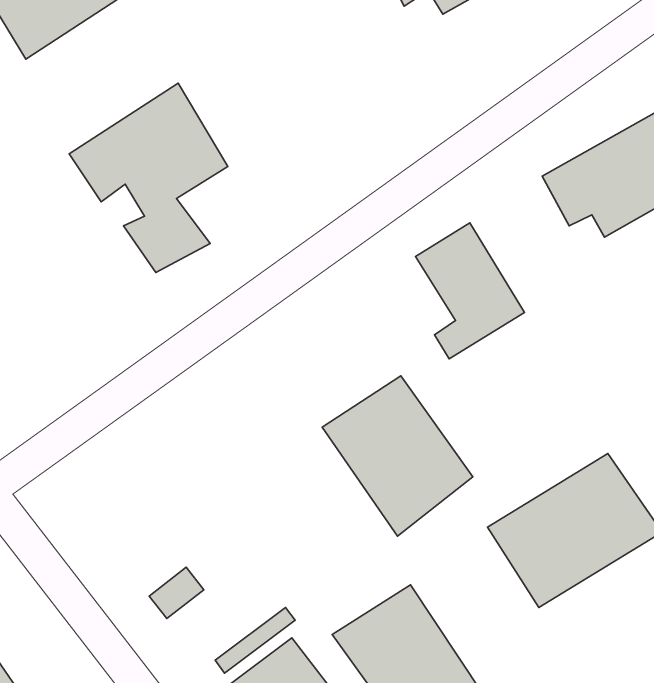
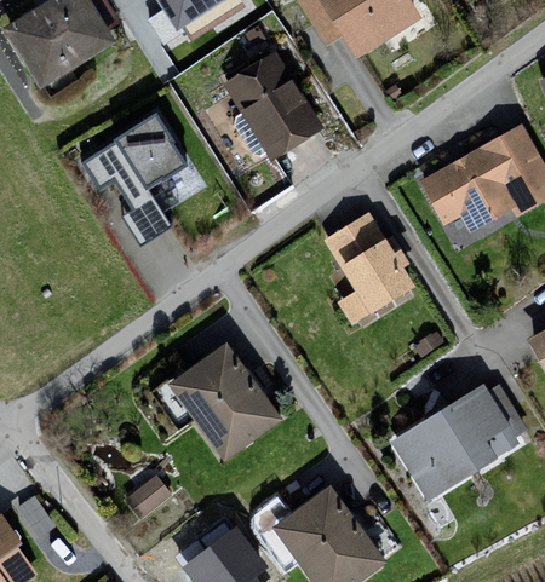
building: none -> [223,52,320,160]
building: [322,376,473,536] -> [166,344,280,465]

